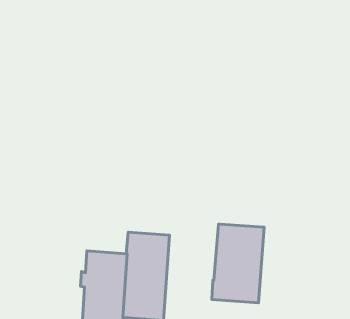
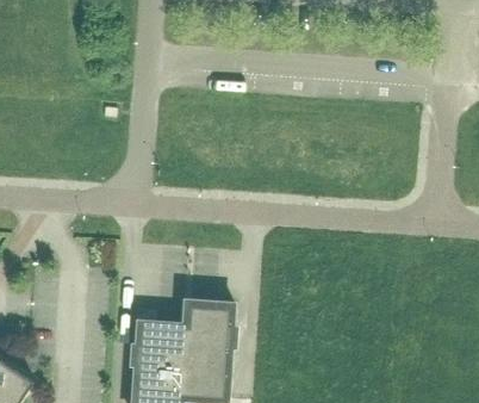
building: [212,224,264,303] -> none

